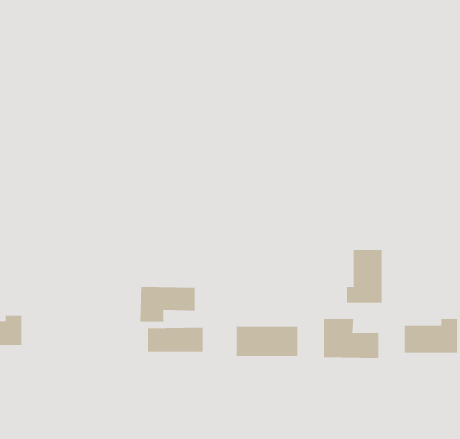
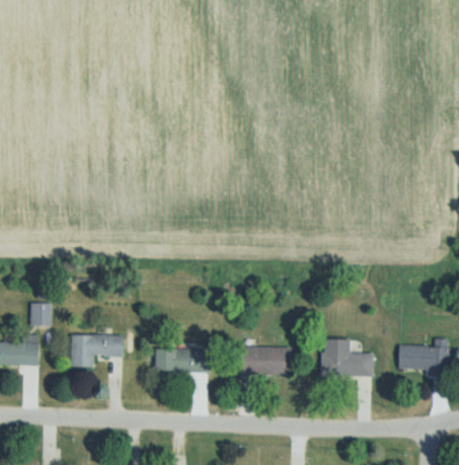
building: [347,249,382,304] -> none
building: none -> [29,302,51,326]
building: [139,286,195,322] -> [71,333,124,367]

